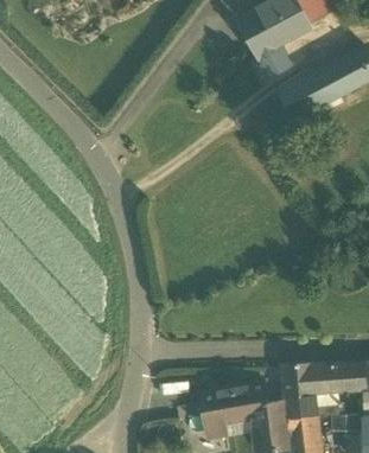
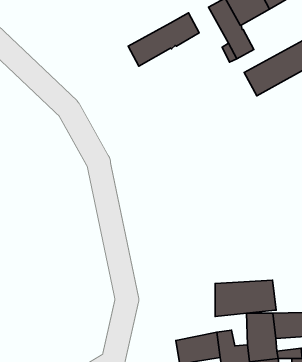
building: none -> [128,13,199,66]
building: none -> [215,280,276,317]

